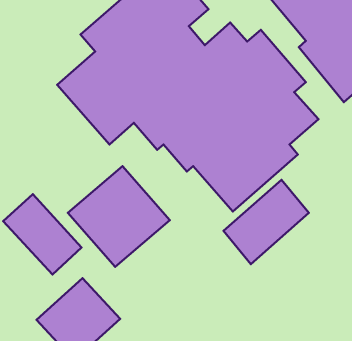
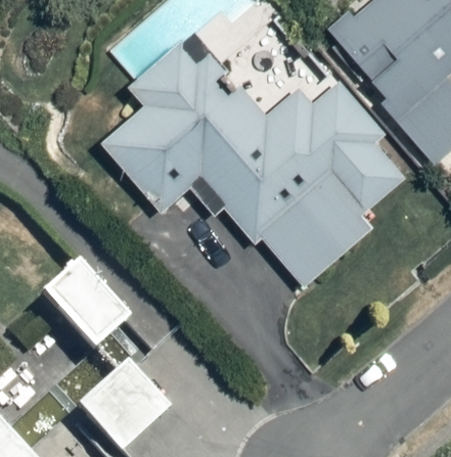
building: [68,166,170,267] -> none
building: [223,180,309,264] -> none

